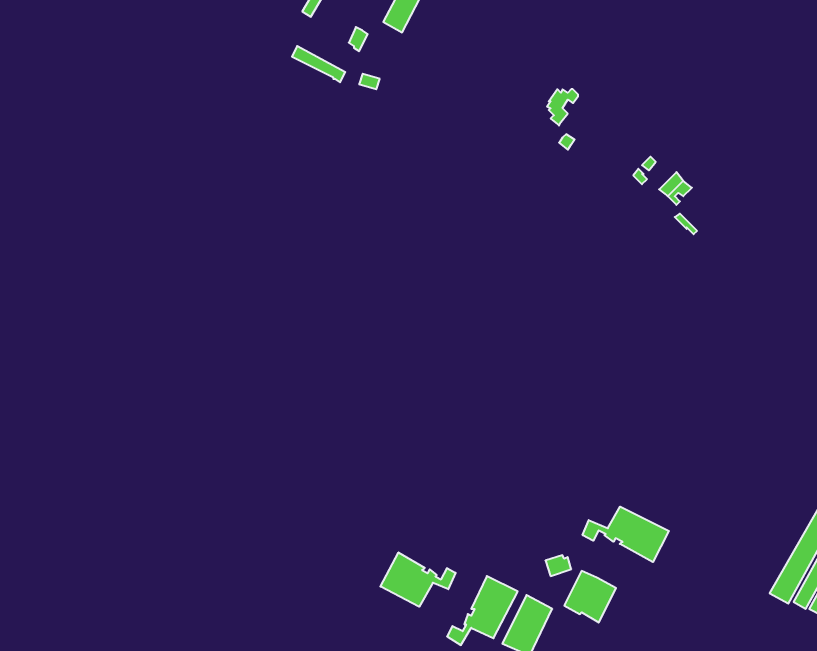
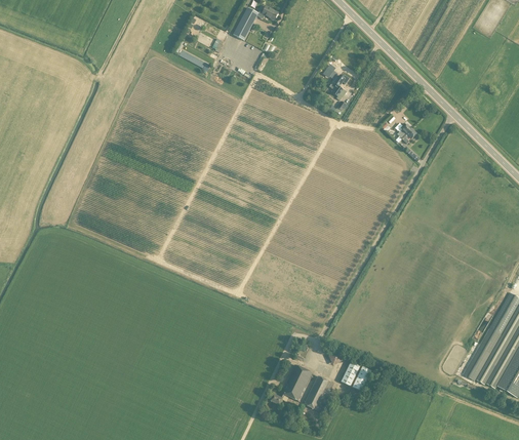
building: [583,507,669,562] -> none
building: [380,552,456,607] -> none

